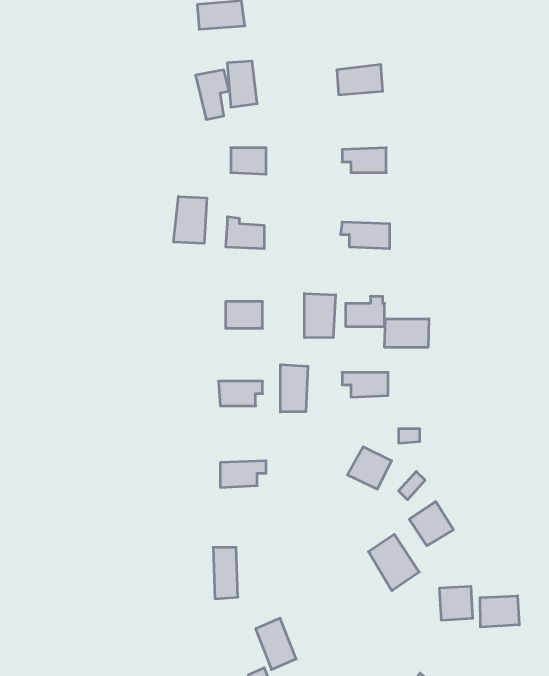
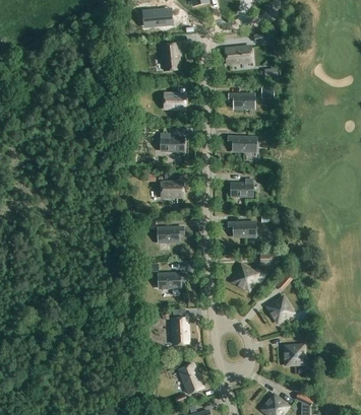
building: [174,196,207,243] -> none
building: [304,293,336,338] -> none
building: [385,319,429,347] -> none
building: [280,365,308,412] -> none
building: [368,534,419,591] -> none
building: none -> [172,318,188,344]
building: [480,596,519,627] -> none

